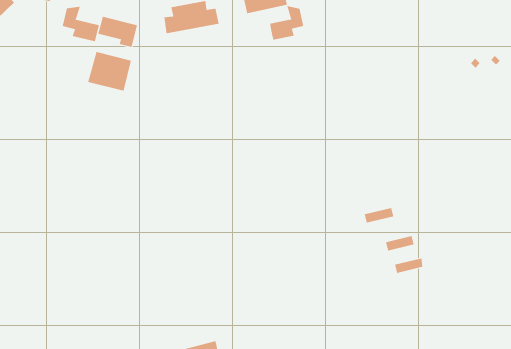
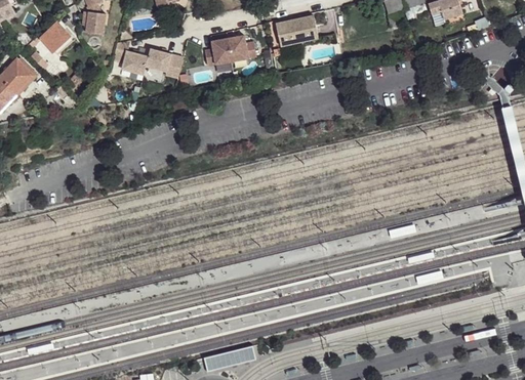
building: [269,5,304,40] -> none
building: [88,51,131,91] -> none

